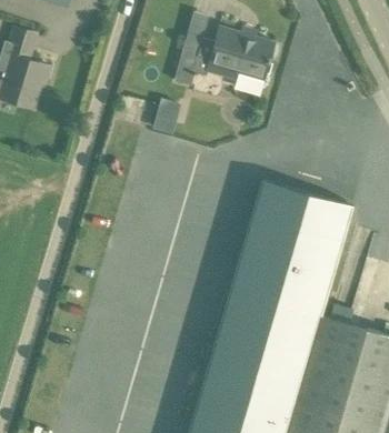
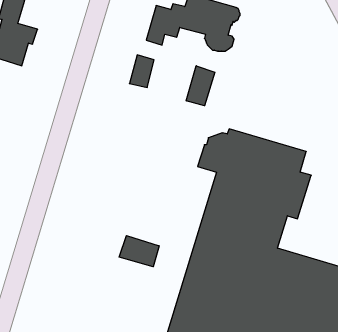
building: none -> [186,66,215,106]
building: none -> [119,236,159,267]

